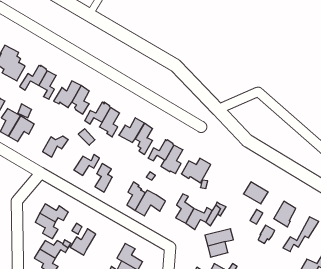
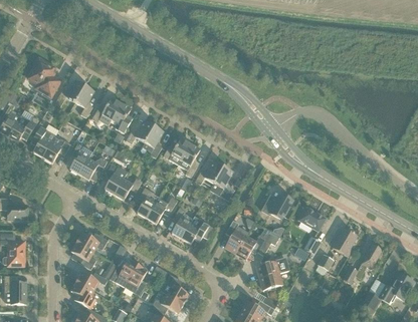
building: none -> [69,142,92,174]
building: none -> [104,163,128,194]
building: [181,158,211,183] -> [261,193,293,220]
building: none -> [147,197,177,224]
building: none -> [125,264,148,295]

